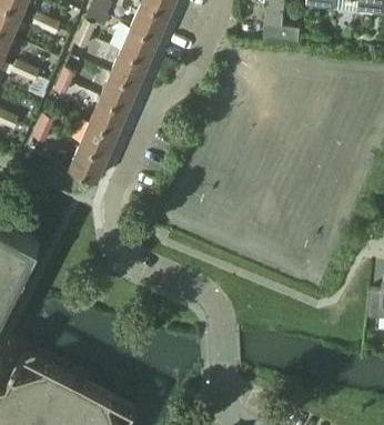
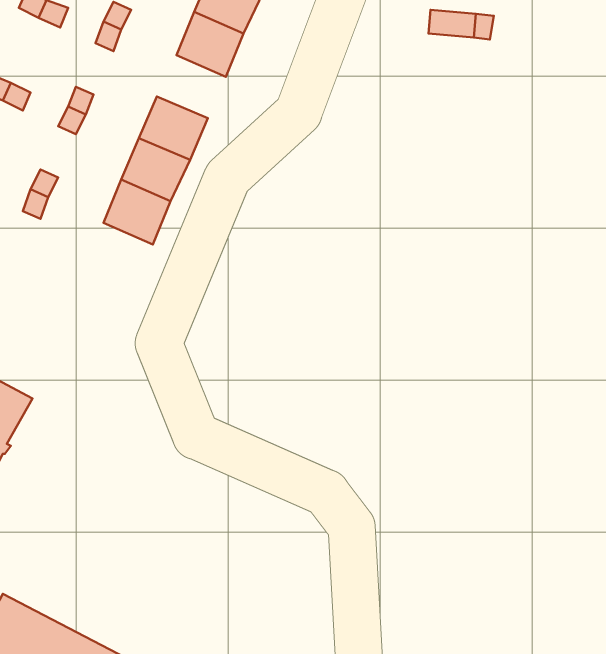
building: [110,50,149,85] -> none
building: [69,144,108,181] -> none

